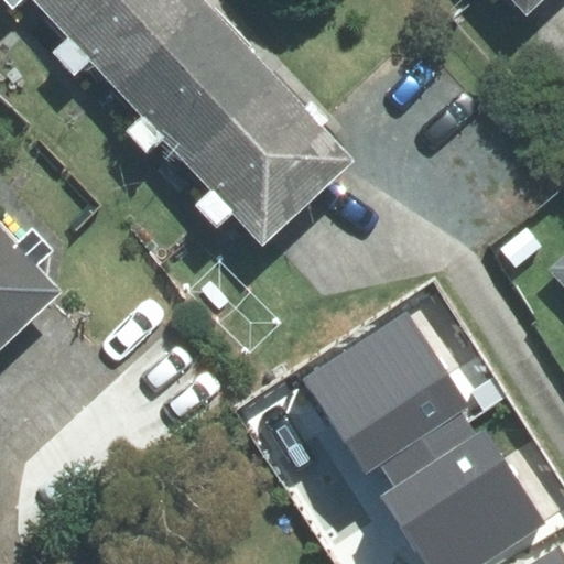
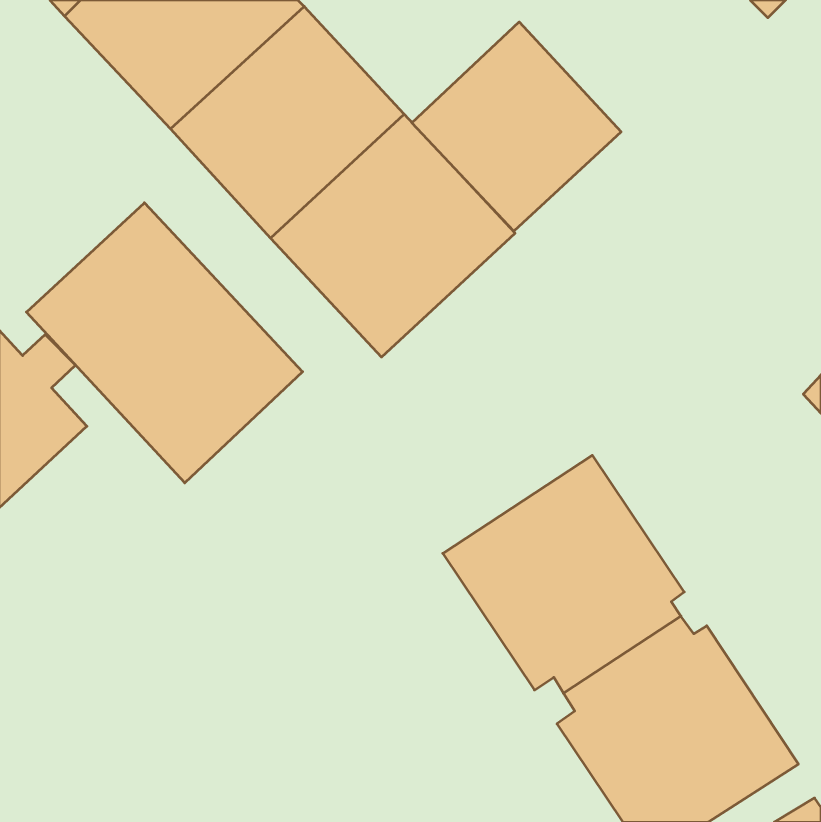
building: none -> [412,22,621,231]
building: none -> [26,203,303,483]

